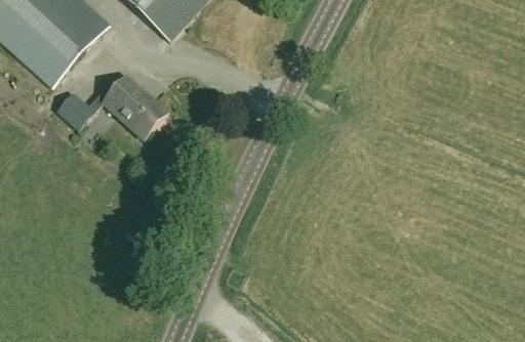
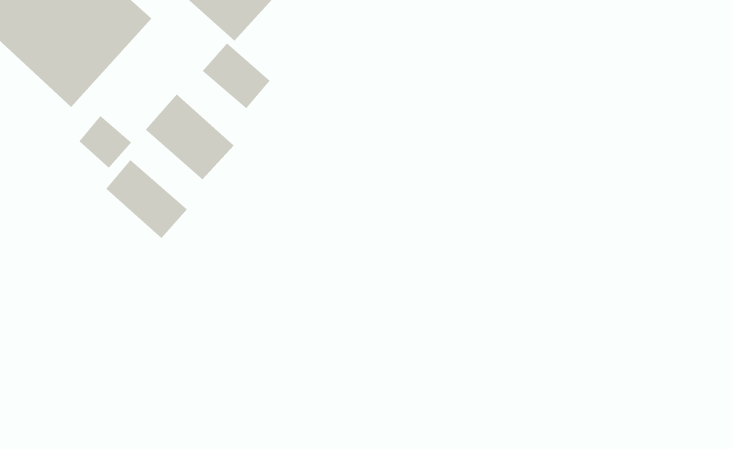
building: none -> [202,42,270,109]
building: none -> [105,159,188,239]

